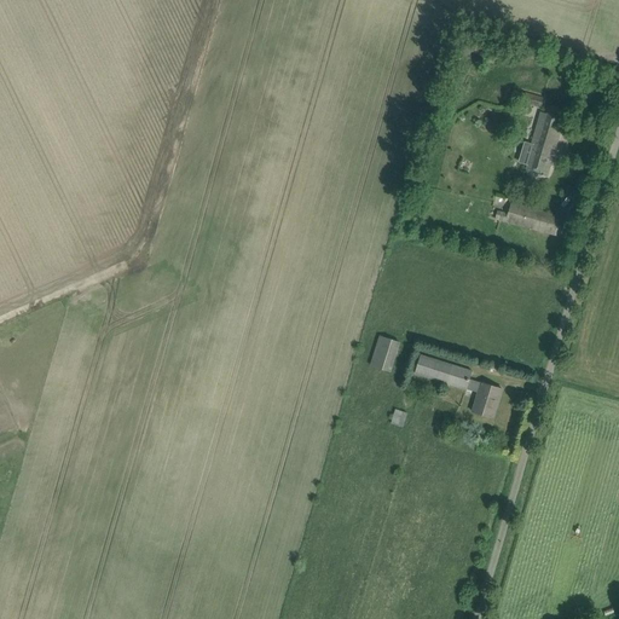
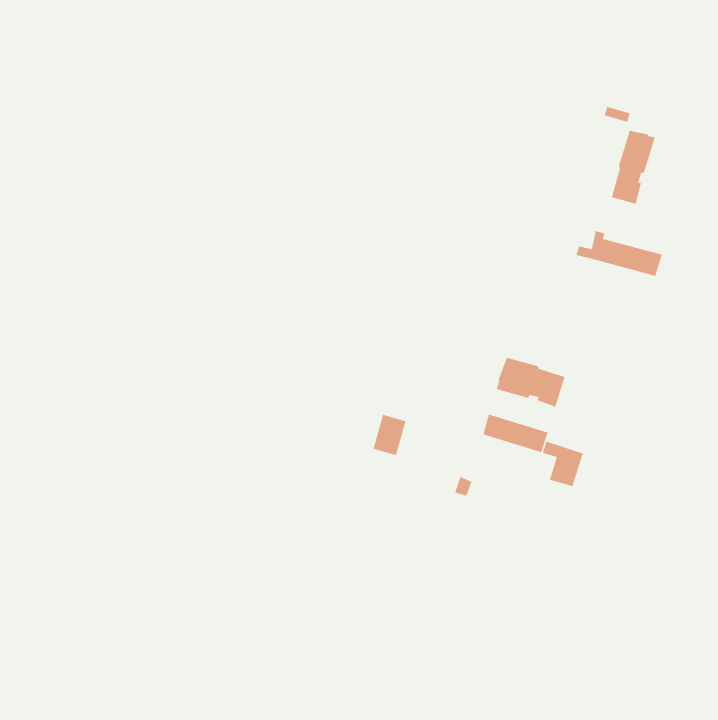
building: none -> [496,357,566,408]
building: [369,335,398,371] -> [373,414,406,456]

